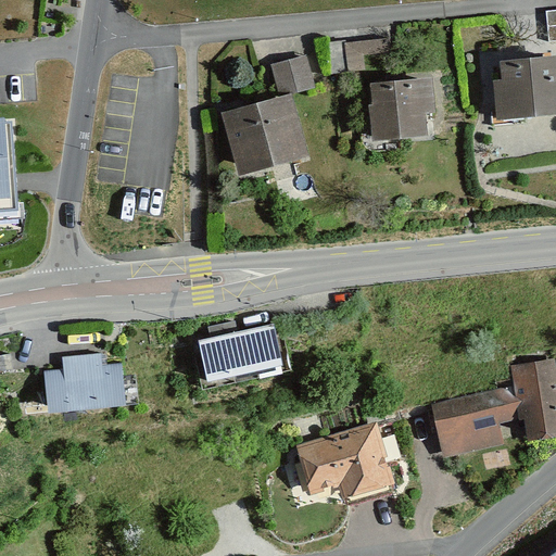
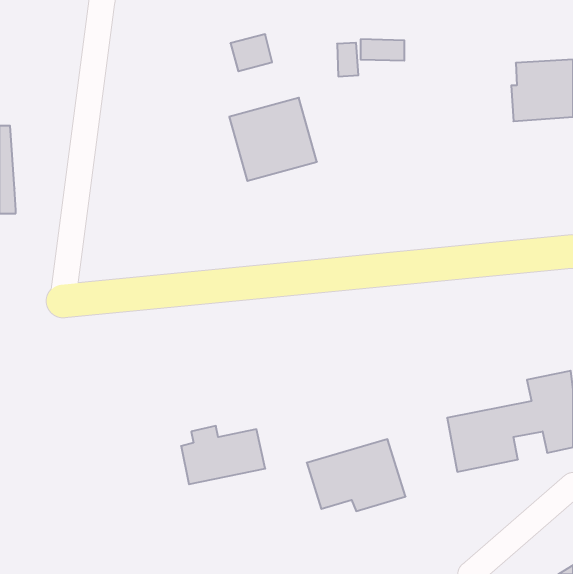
building: [270,58,311,93] -> [230,34,272,71]
building: [368,79,432,140] -> none
building: [199,323,280,379] -> [181,426,265,484]
building: [45,355,122,410] -> none

